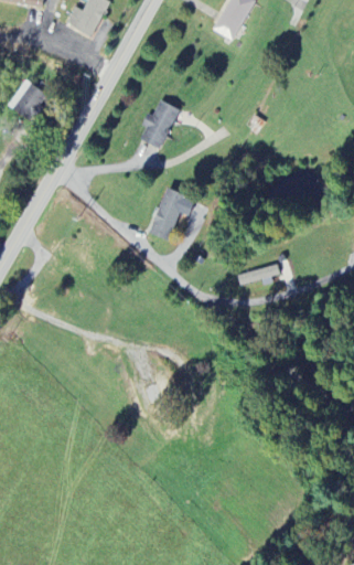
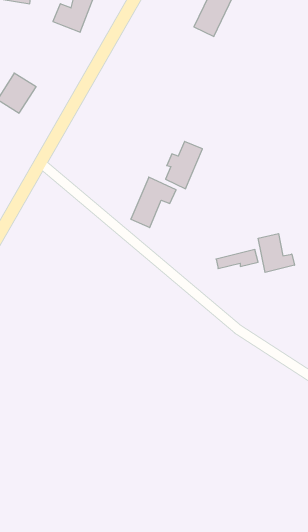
building: [140,99,179,149] -> [166,141,202,189]
building: none -> [258,234,294,272]

